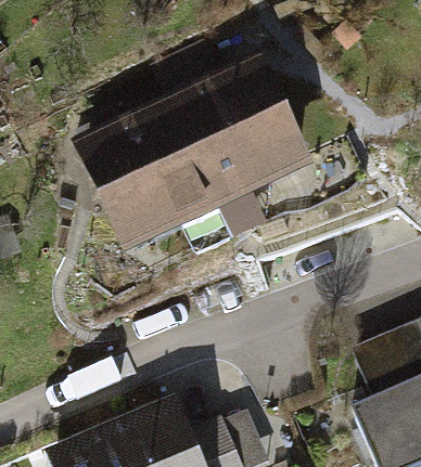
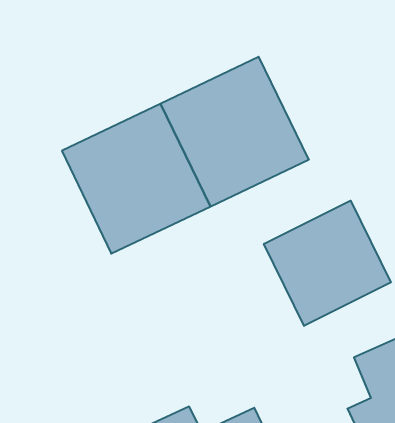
building: none -> [264,201,391,326]

